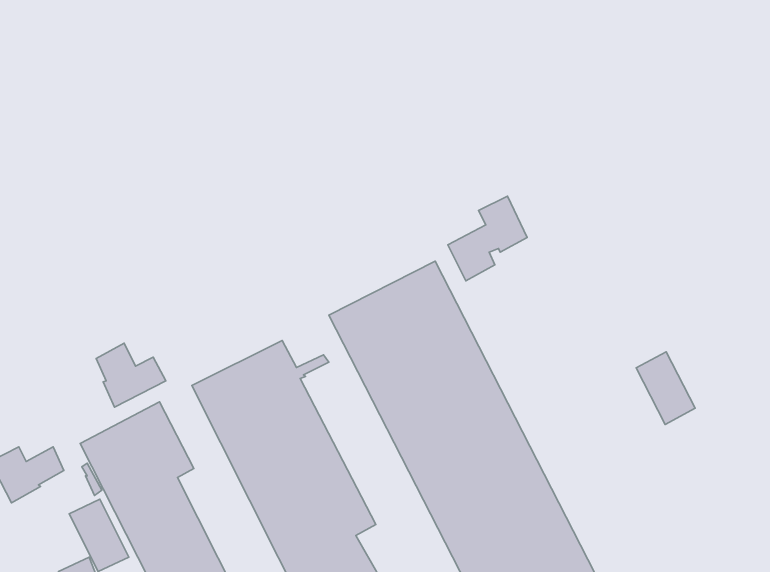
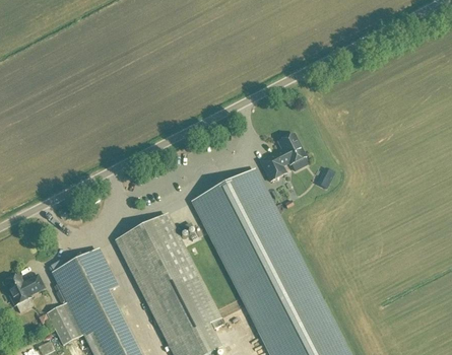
building: [96,343,166,407] -> none
building: [636,352,695,425] -> none

